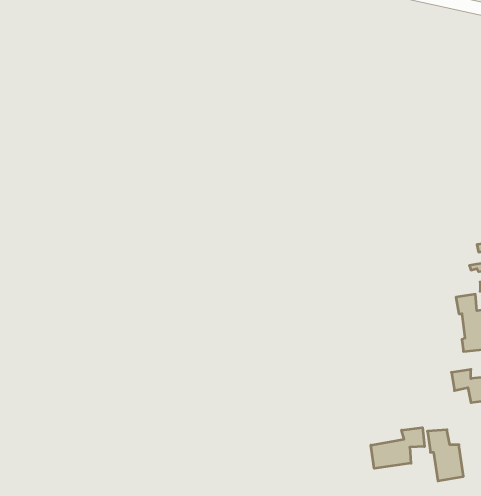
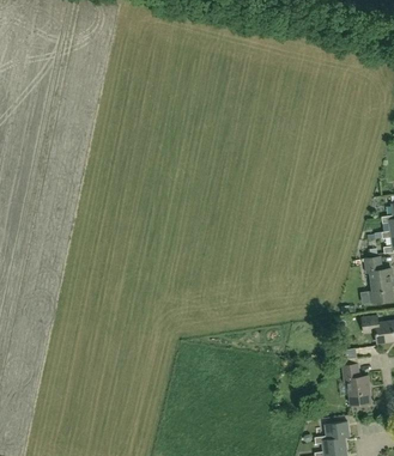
building: [371,428,424,468] -> none

